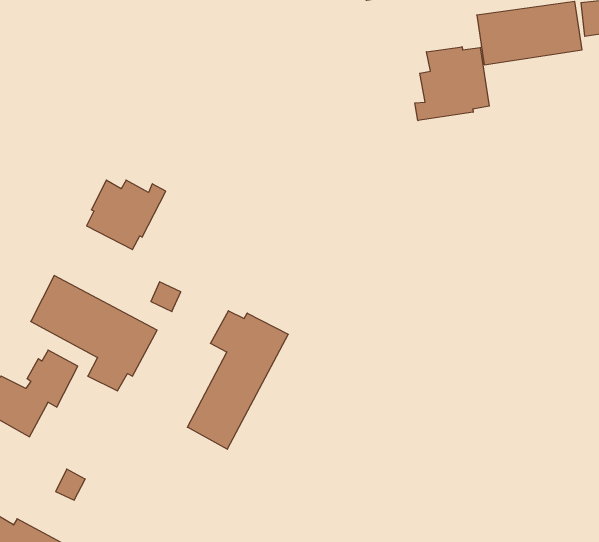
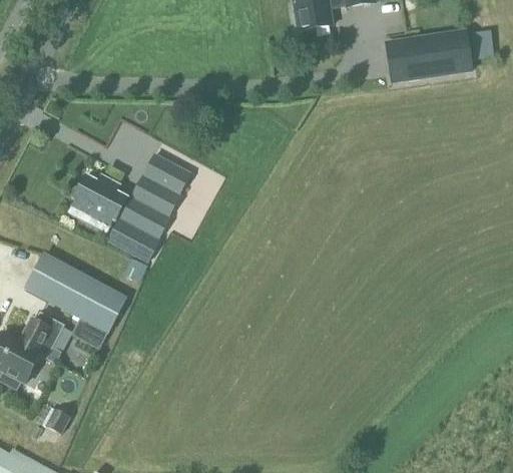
building: [415,47,489,121] -> none
building: none -> [107,153,189,263]
building: [187,311,288,449] -> none

